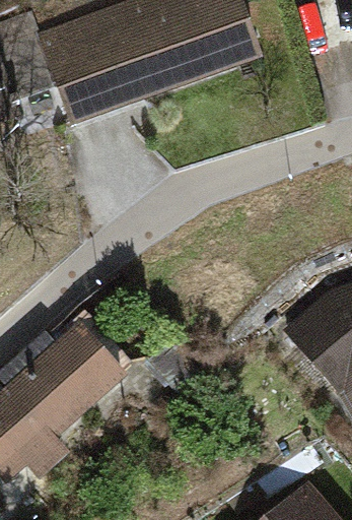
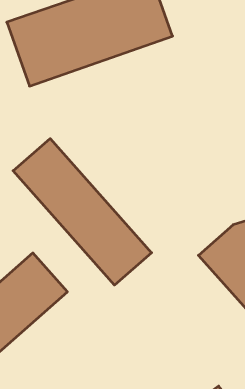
building: none -> [13,139,152,285]

